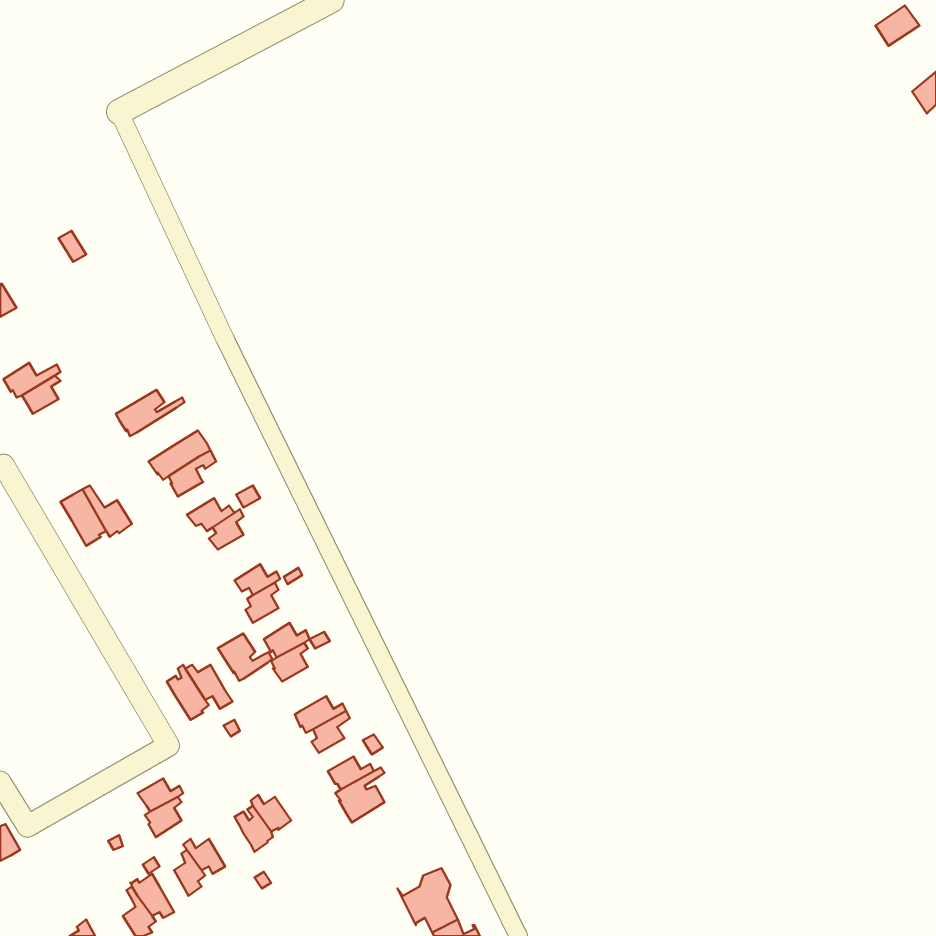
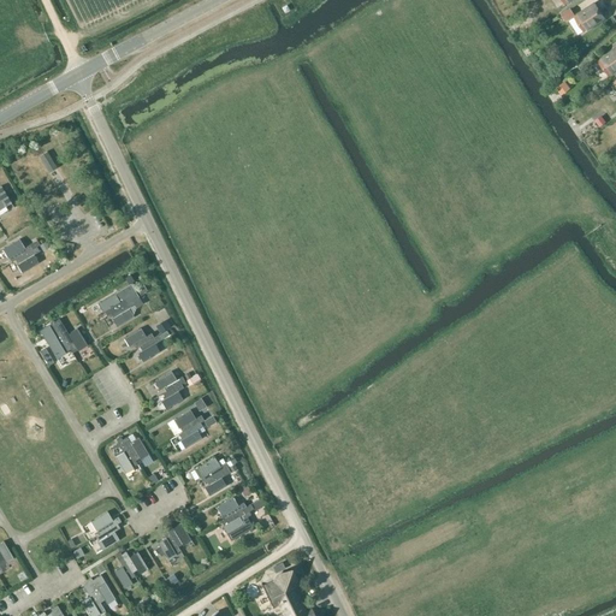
building: [116,390,184,436] -> none
building: [218,633,272,681] -> none

